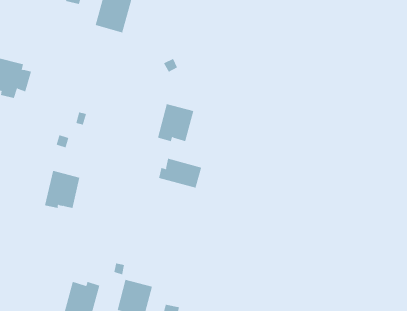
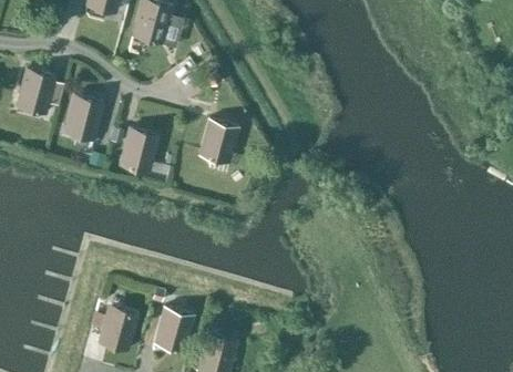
building: none -> [63,95,103,147]
building: [158,158,202,188] -> none
building: [44,170,80,208] -> [120,127,158,168]

